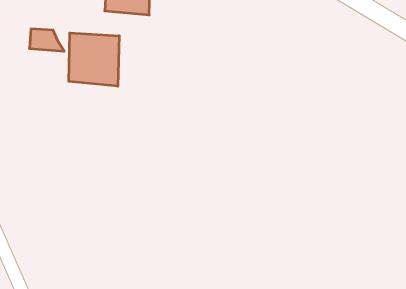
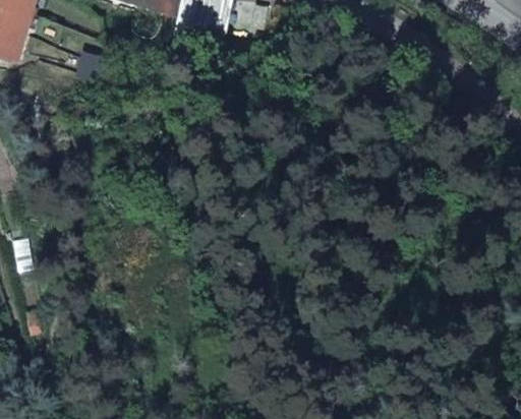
building: [69,33,119,86] -> none

